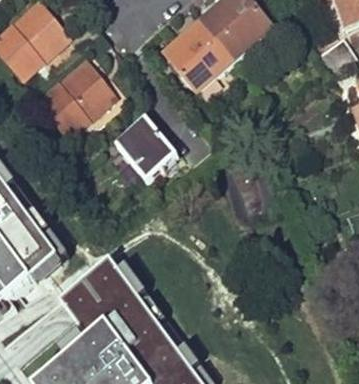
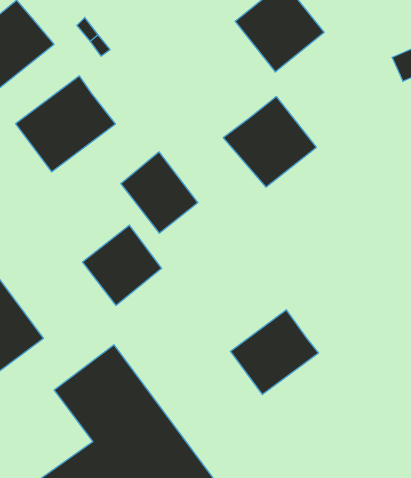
building: [164,20,234,88] -> [223,97,316,187]
building: none -> [83,225,162,305]
building: none -> [230,310,318,395]

